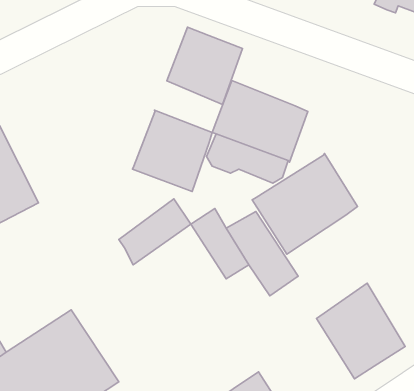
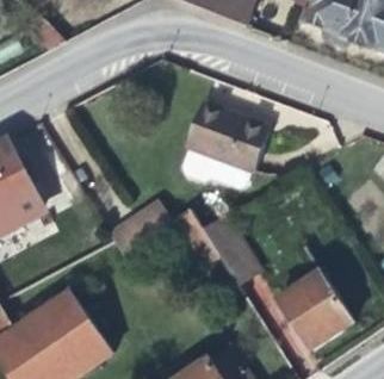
building: [167,27,242,105] -> none
building: [132,110,212,192] -> none
building: [252,153,358,254] -> none

